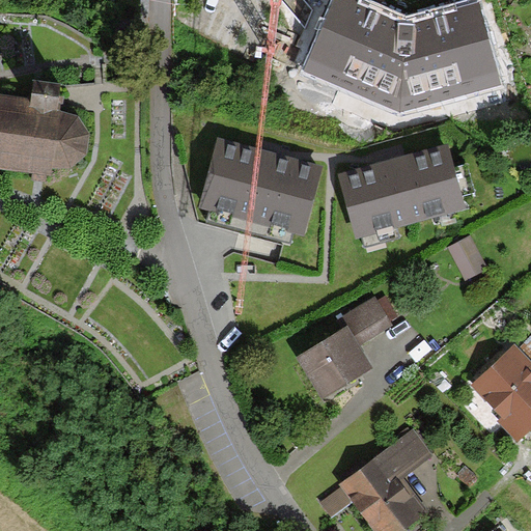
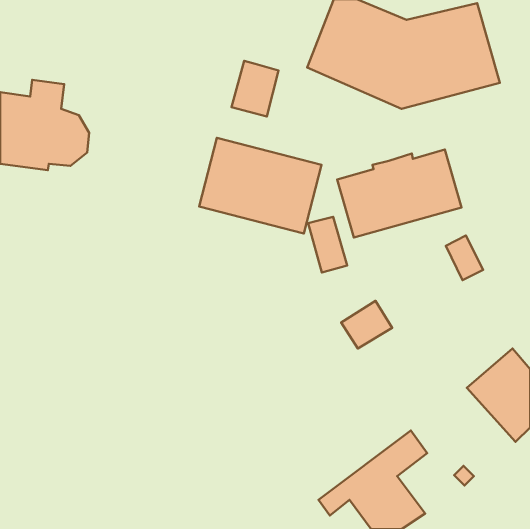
building: none -> [231,61,278,116]
building: none -> [308,217,347,273]
building: [301,331,370,397] -> none

